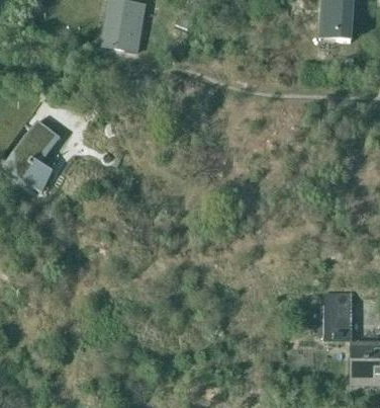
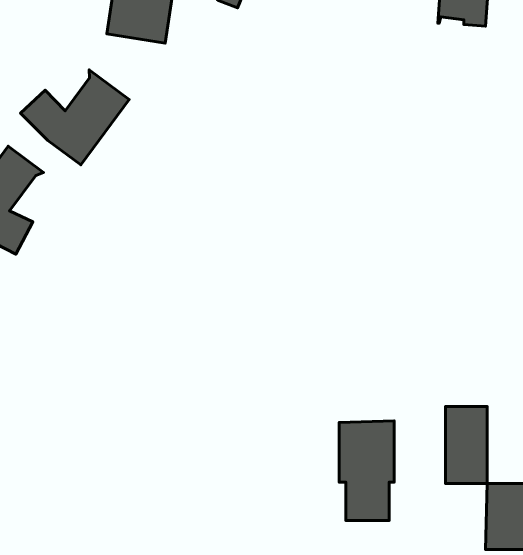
building: none -> [20,70,129,165]
building: none -> [339,421,394,520]

